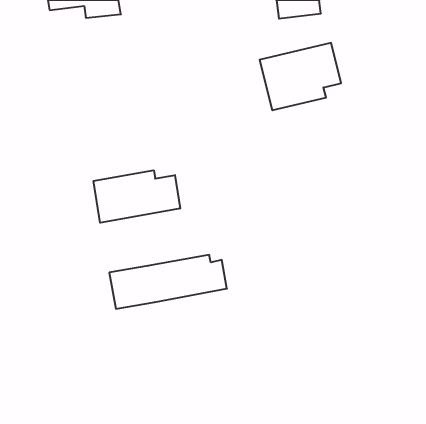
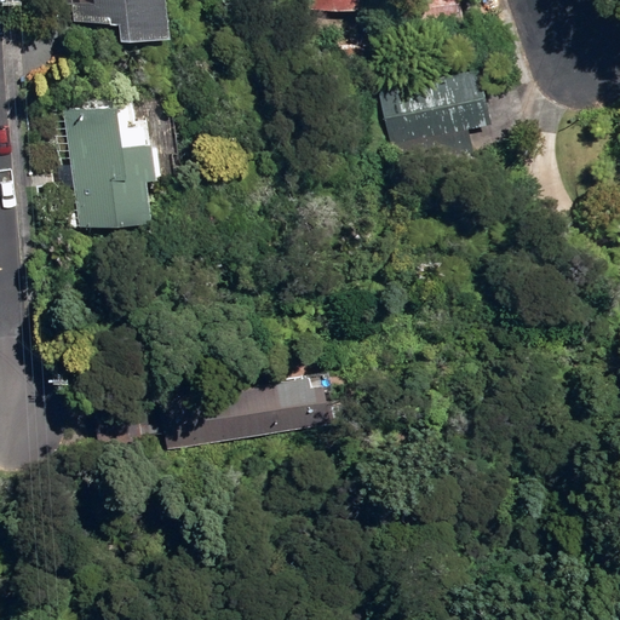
building: none -> [63,94,179,228]
building: [94,170,180,223] -> none

